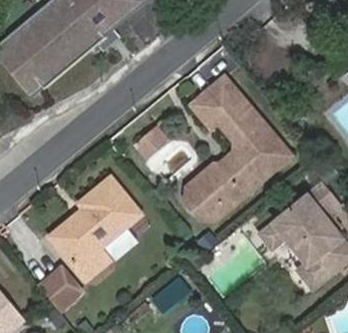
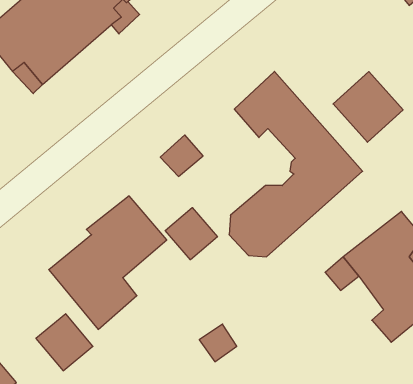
building: none -> [333,72,403,142]
building: none -> [165,208,217,260]

